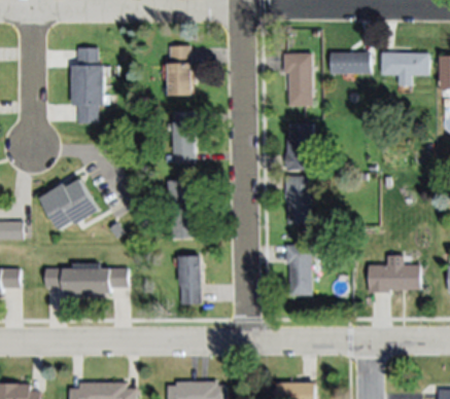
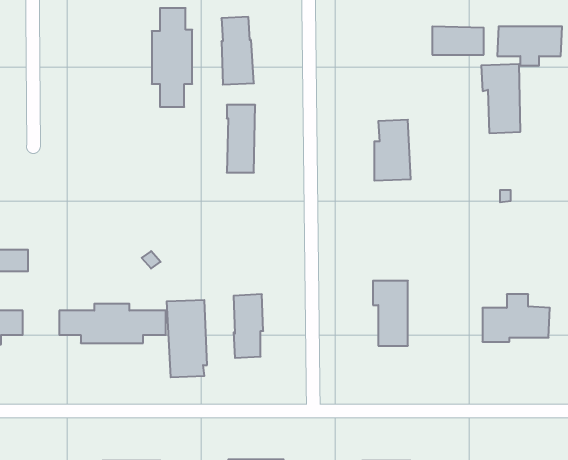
building: [72,48,103,123] -> [152,8,192,107]
building: [282,53,312,106] -> [481,64,520,133]
building: [285,177,311,223] -> none
building: [40,180,97,229] -> none
building: [167,180,198,239] -> [167,300,207,377]

